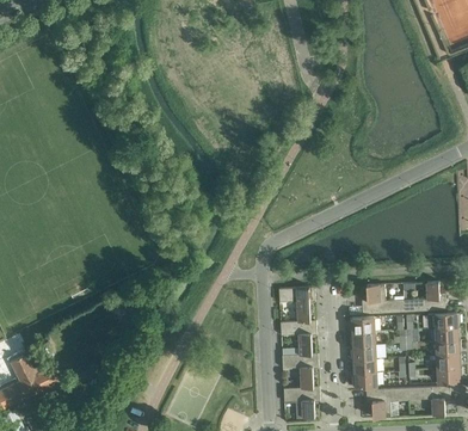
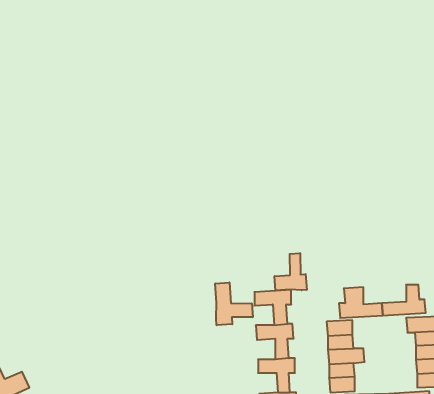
building: none -> [275,253,307,291]
building: none -> [215,282,253,325]

